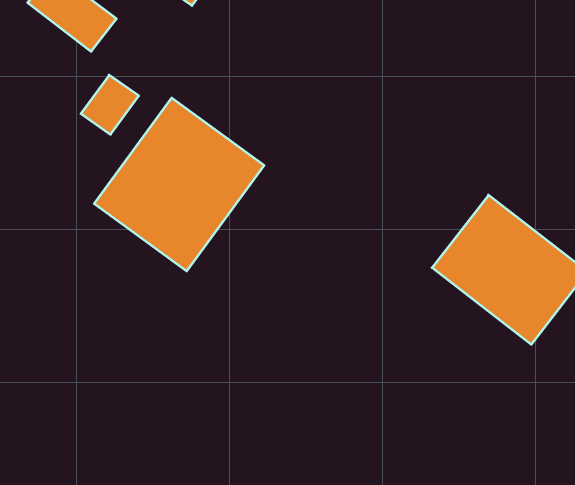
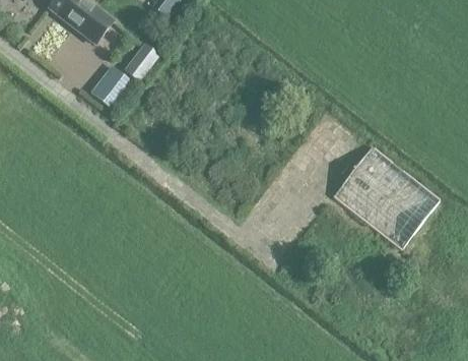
building: none -> [125,42,158,78]
building: [94,98,264,271] -> none

